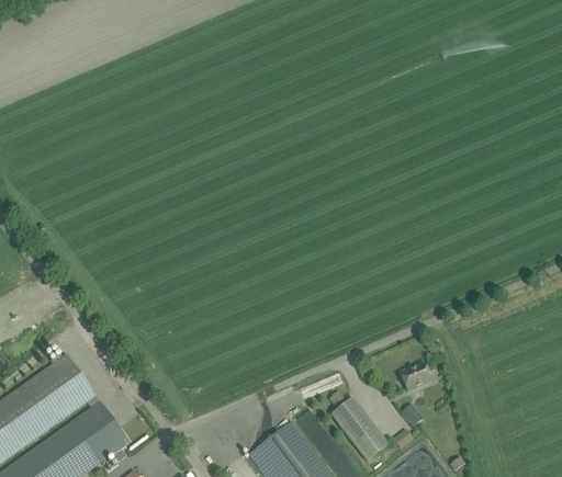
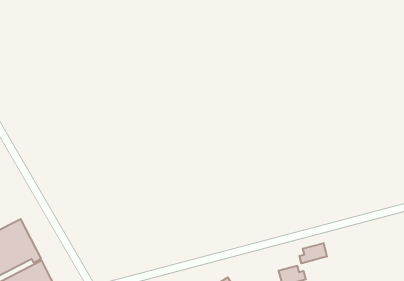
building: none -> [299,243,327,263]

